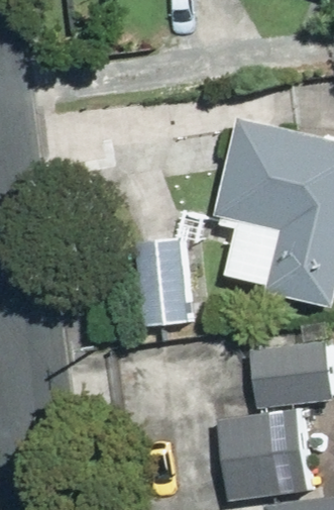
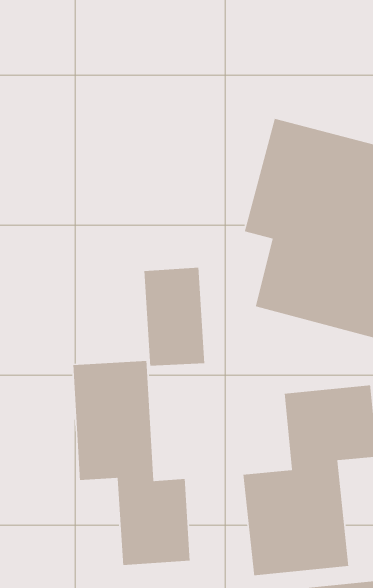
building: none -> [72,360,191,566]

